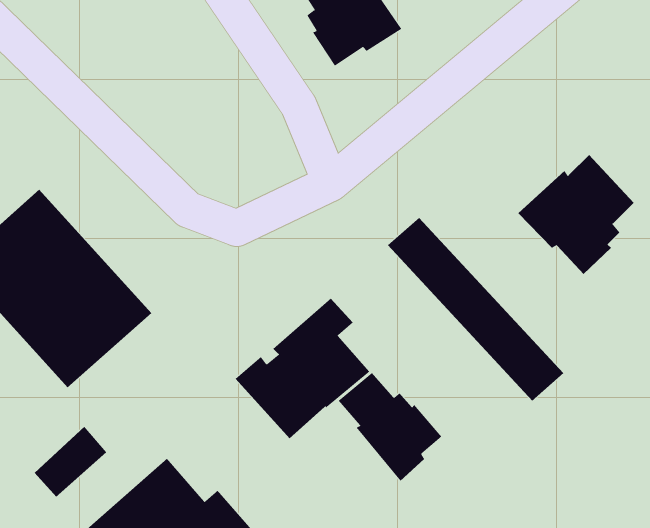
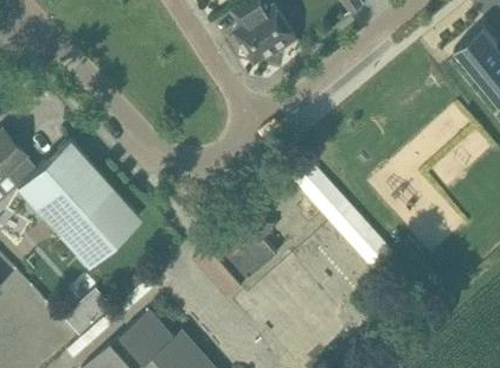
building: [517,154,634,275] -> none
building: [338,372,442,481] -> none

